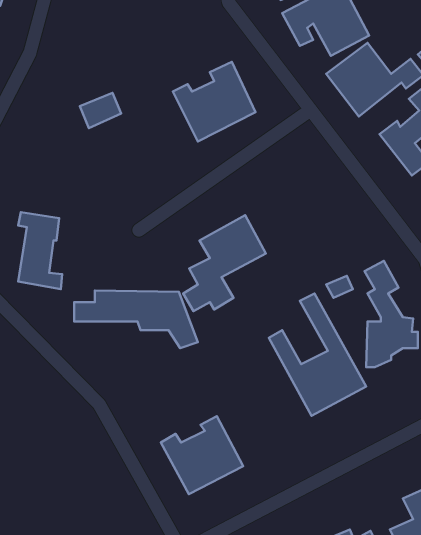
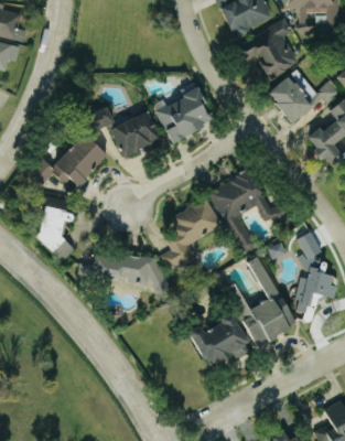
building: none -> [110,110,163,161]
building: none -> [29,132,107,186]
building: none -> [208,168,288,254]
building: [161,416,243,494] -> [188,311,250,369]

